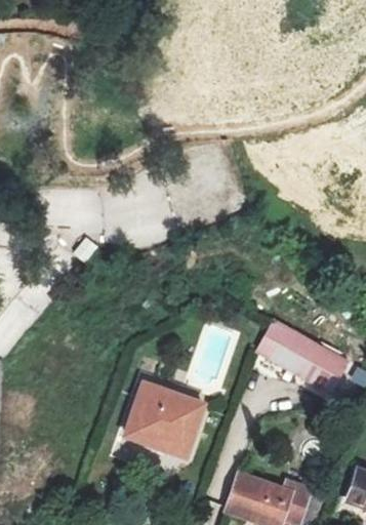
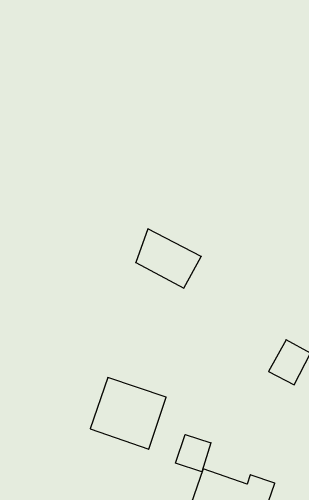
building: [254,318,320,377] -> [136,229,201,288]
building: none -> [176,435,211,472]

